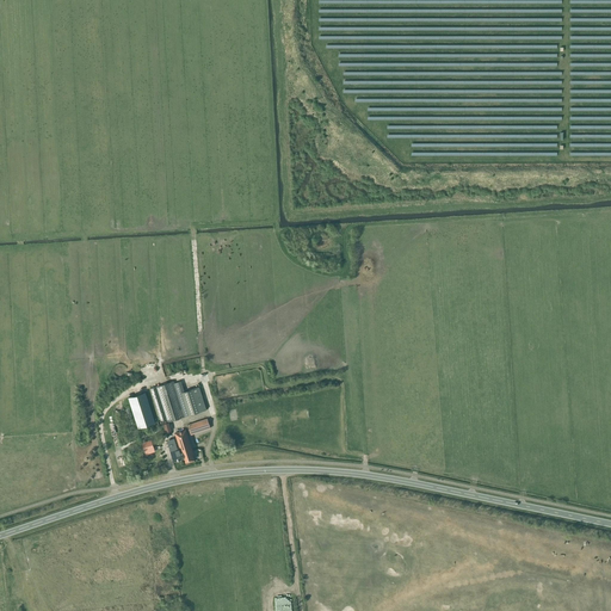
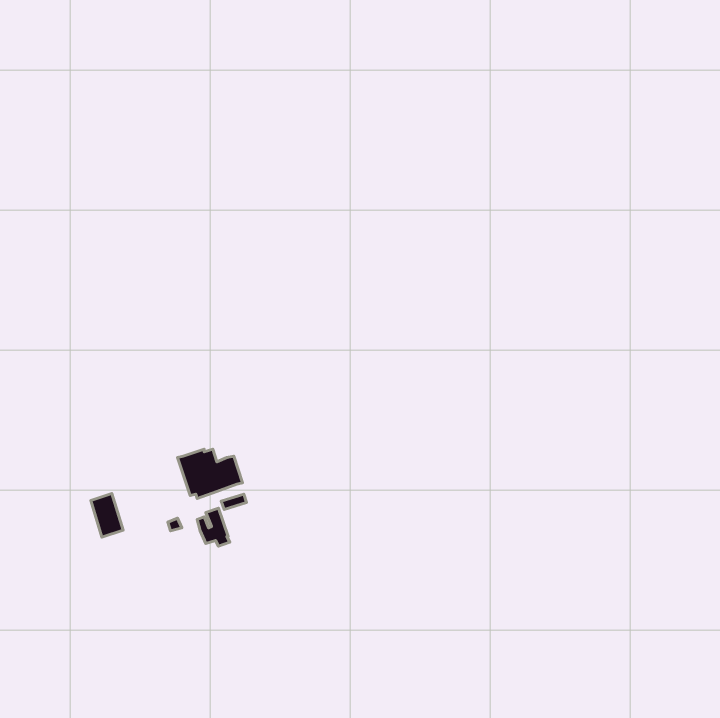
building: [128,393,155,430] -> [91,493,123,537]

